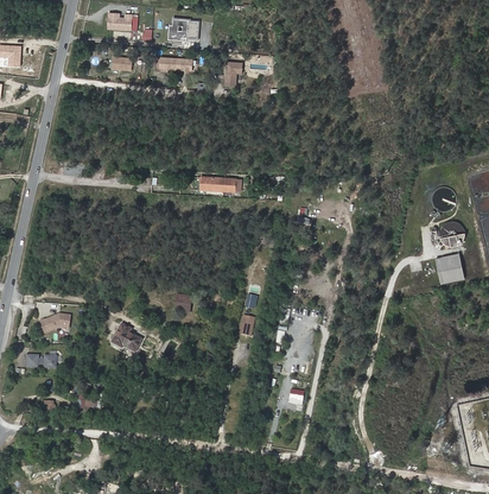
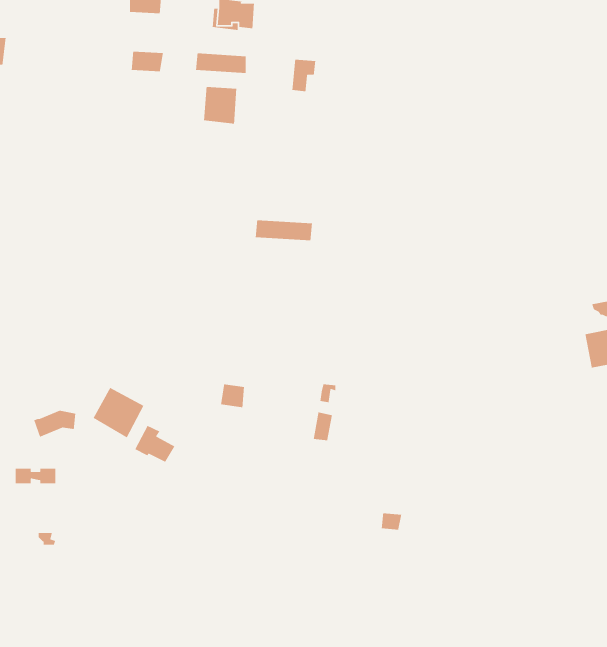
building: none -> [203,86,237,125]
building: none -> [93,387,145,438]

